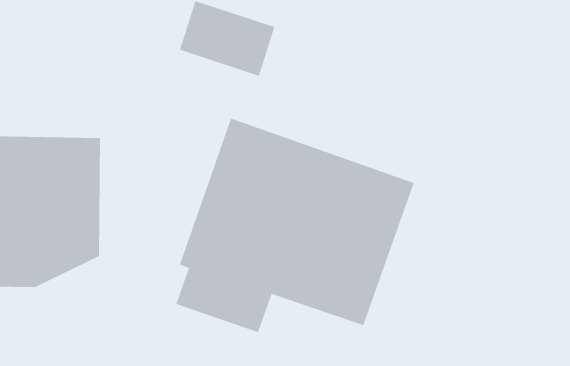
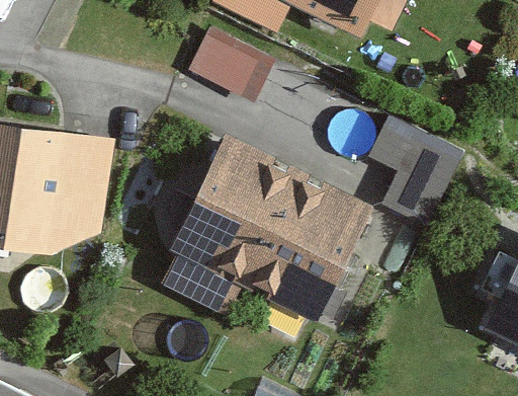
building: none -> [368,126,456,223]

